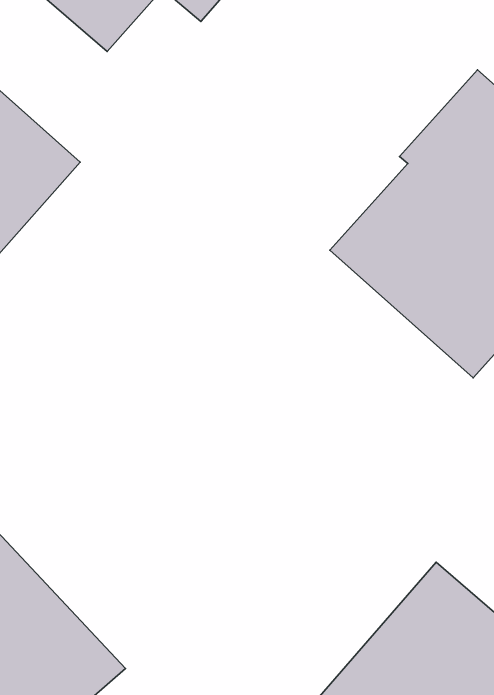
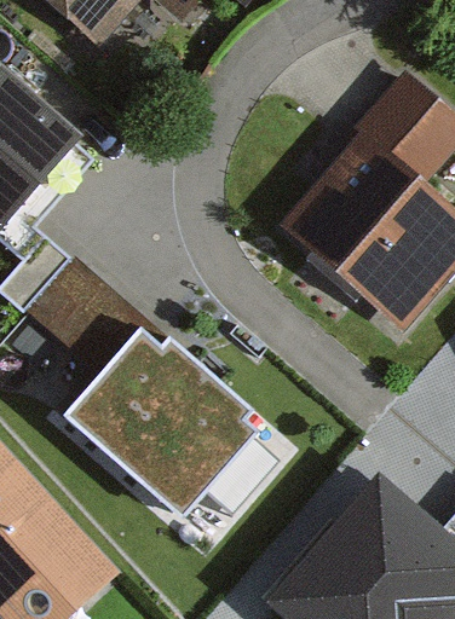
building: none -> [67,337,250,515]

